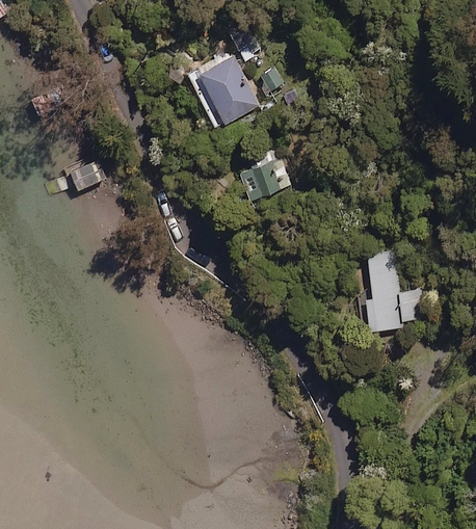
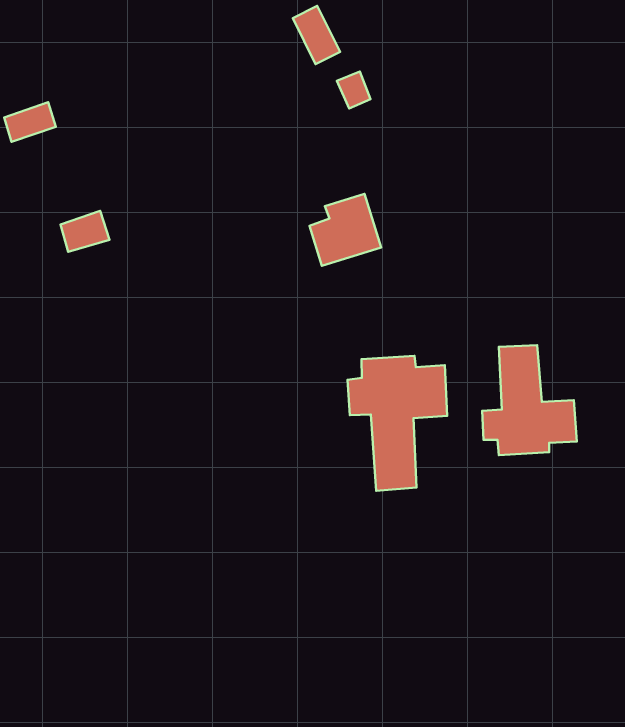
building: [197,55,258,123] -> none
building: none -> [348,356,447,491]

